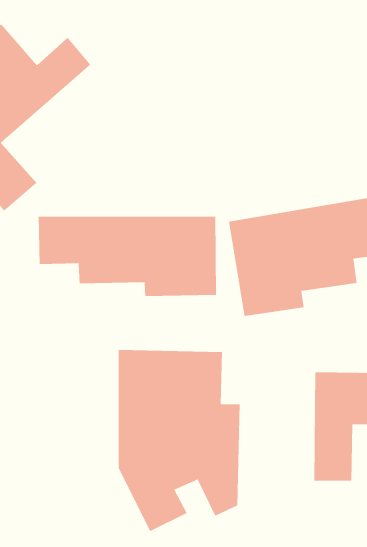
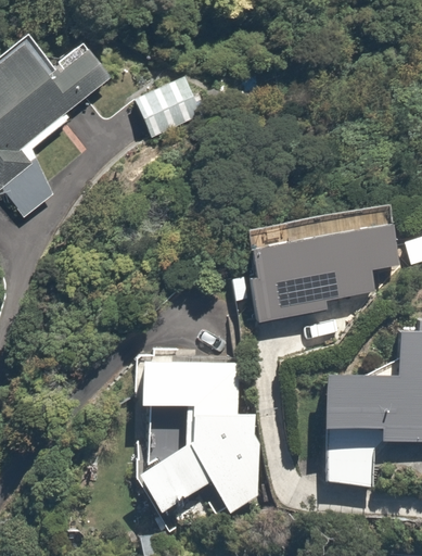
building: none -> [135,73,209,138]
building: [38,216,217,297] -> none

